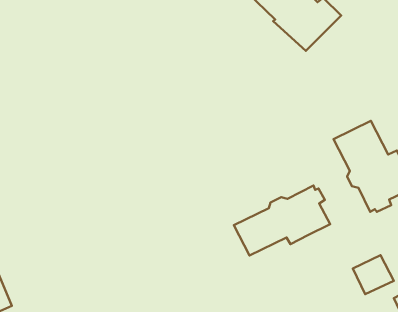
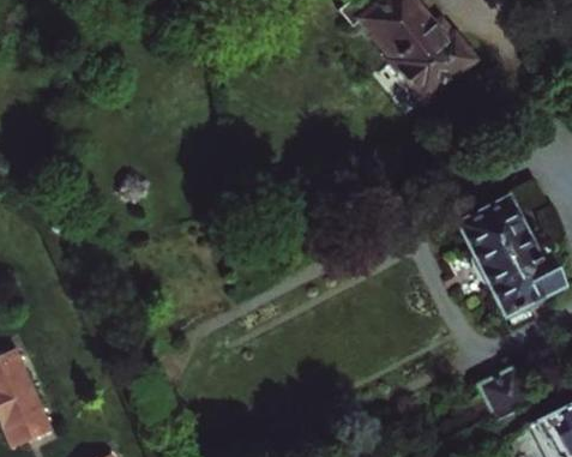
building: [234,185,330,256] -> none

